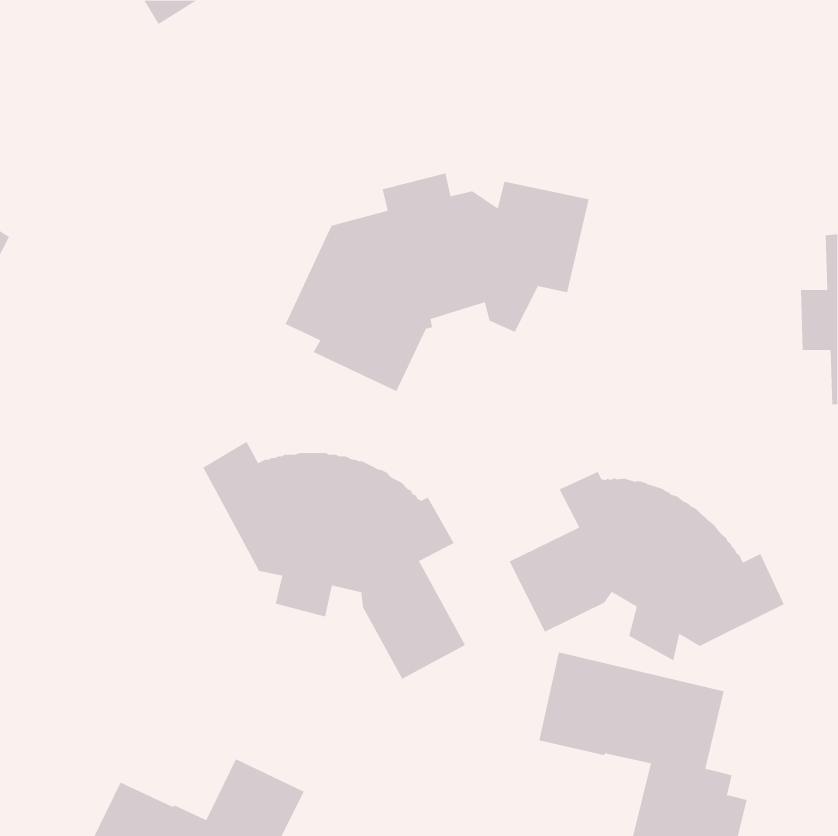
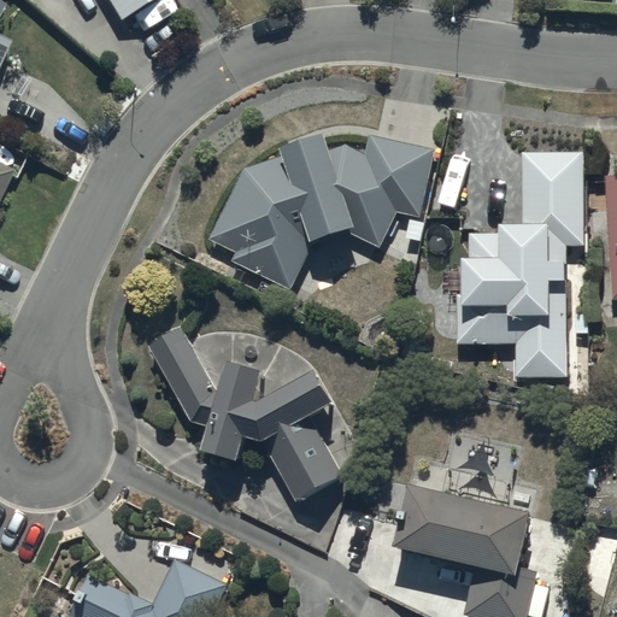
building: none -> [456,152,586,377]
building: [509,471,784,661] -> none

